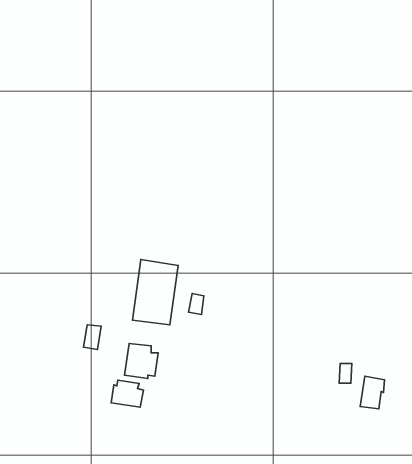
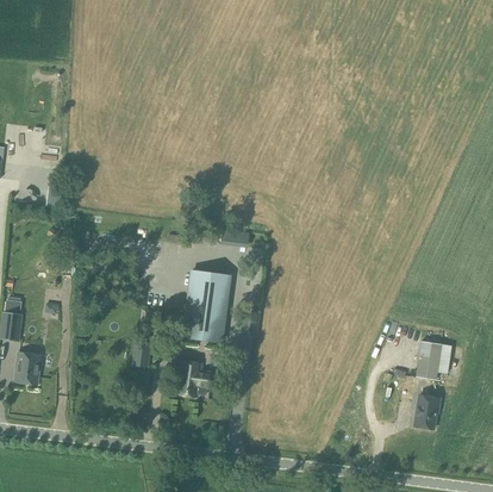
building: none -> [417,338,442,378]
building: [111,380,143,407] -> none

